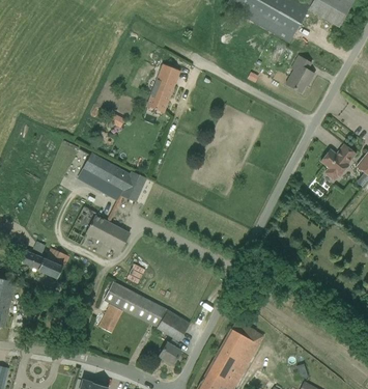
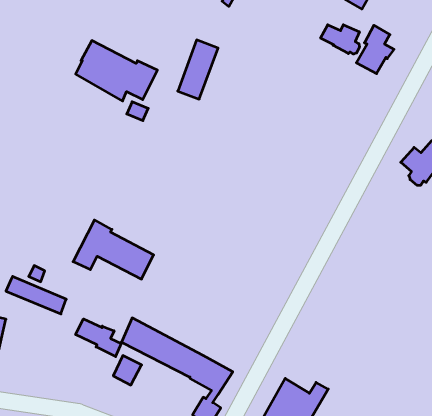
building: none -> [321,25,359,54]
building: [83,156,146,202] -> [76,41,157,101]
building: none -> [76,319,121,357]

